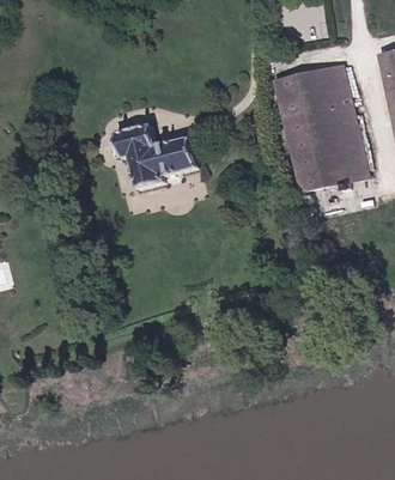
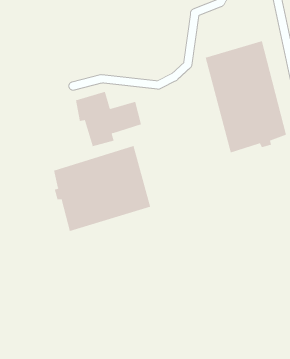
building: none -> [54,145,151,232]

